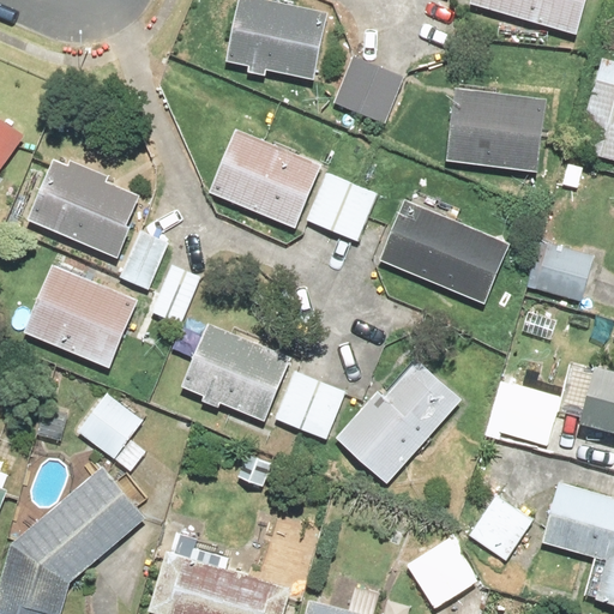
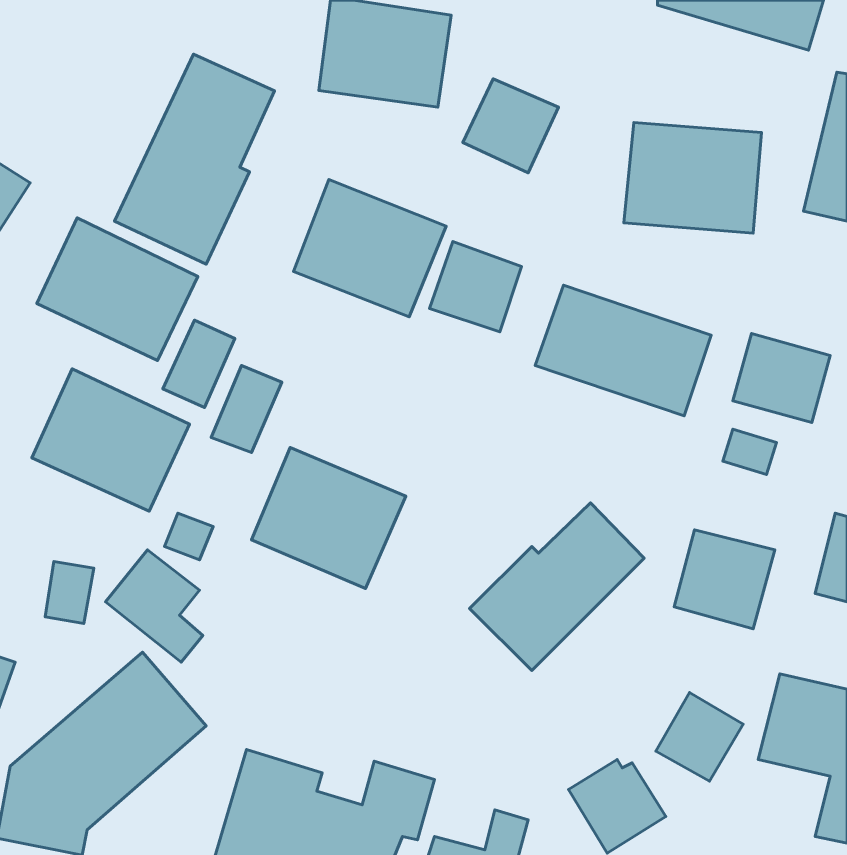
building: none -> [115,54,274,264]
building: [272,372,342,438] -> none

